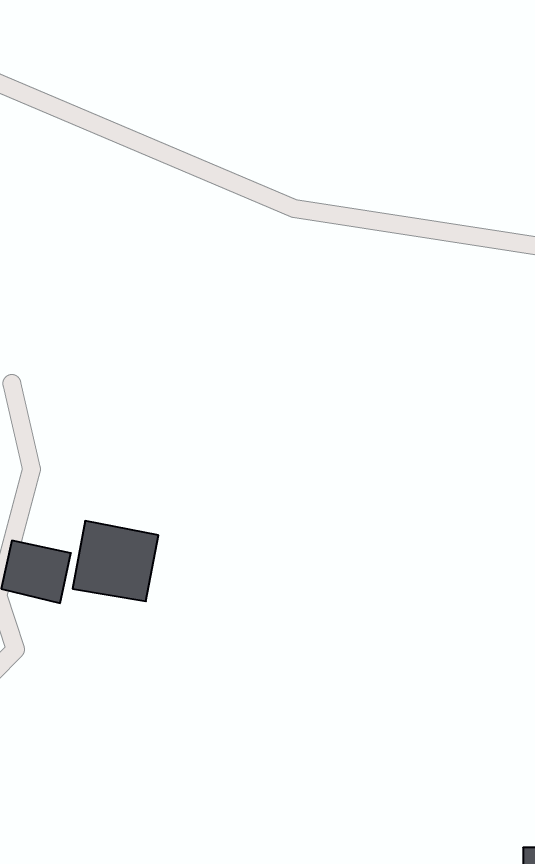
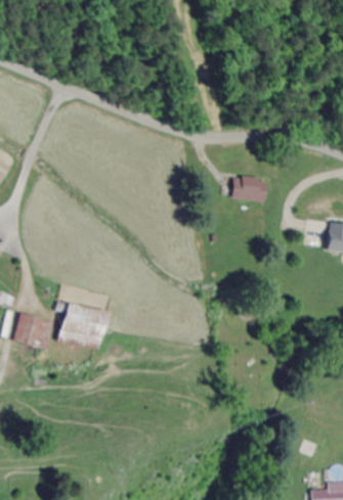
building: none -> [231,177,266,199]

